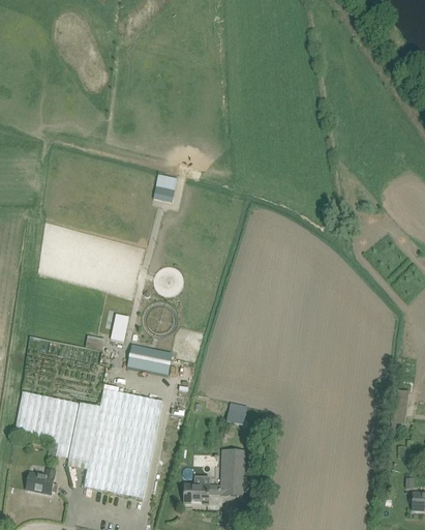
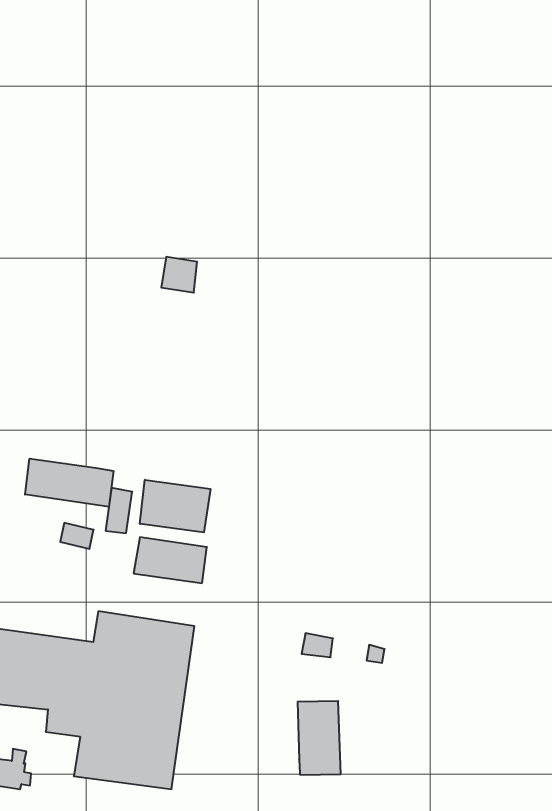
building: none -> [25,459,113,507]
building: none -> [140,480,210,532]
building: [183,483,220,502] -> none

